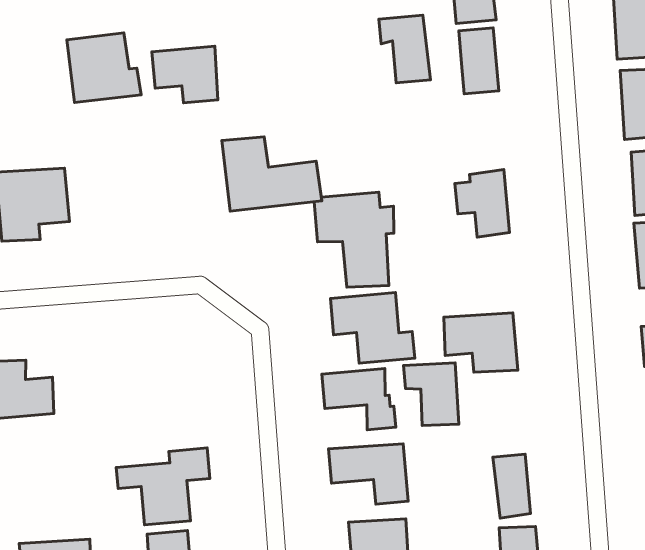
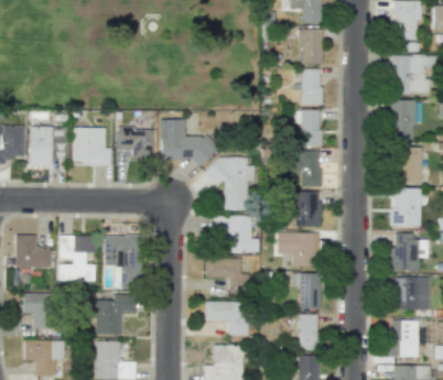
building: [379,15,430,83] -> [294,109,321,146]
building: [67,33,141,103] -> [72,127,111,164]
building: [152,46,218,103] -> [117,128,153,159]
building: none -> [292,191,320,227]
building: none -> [104,235,136,281]
building: none -> [58,235,95,280]
building: [403,363,459,425] -> [291,272,321,308]
building: none -> [22,292,54,328]

